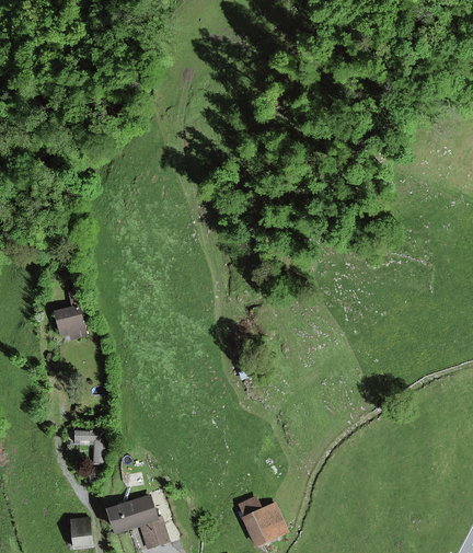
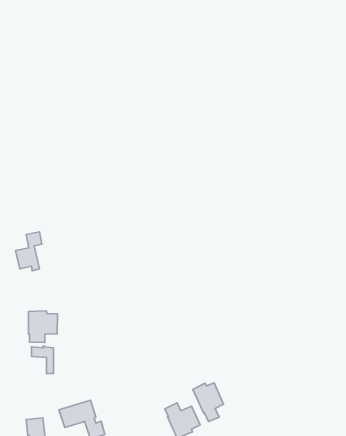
building: none -> [29,311,58,343]
building: none -> [193,383,224,422]

